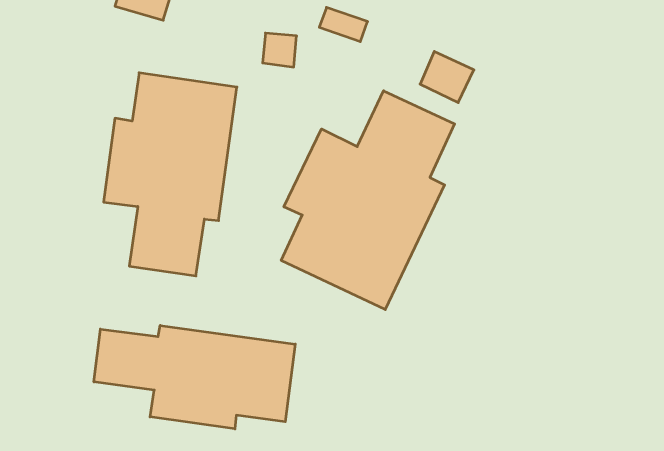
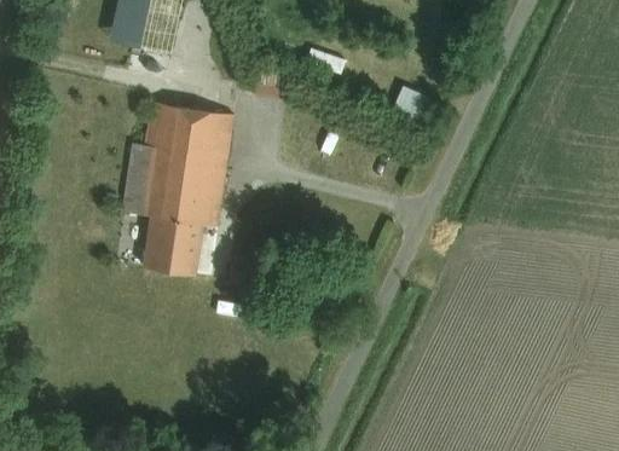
building: [281,91,455,310] -> none
building: [94,325,295,429] -> none

